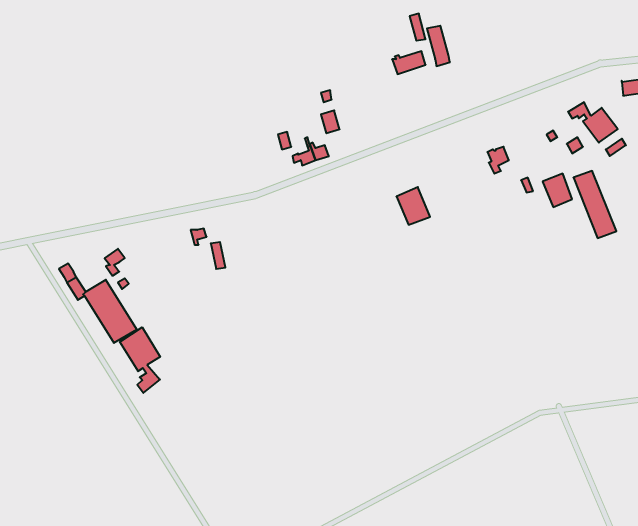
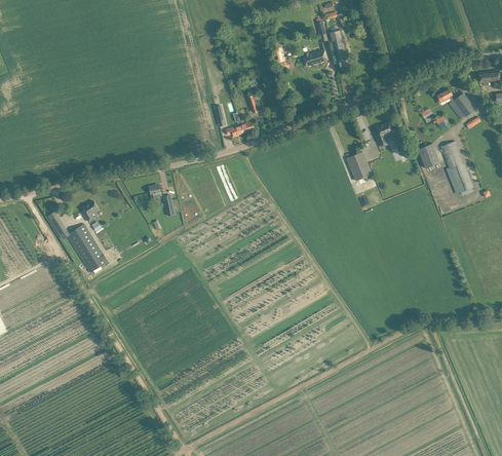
building: [396,187,430,225] -> [346,151,372,180]
building: [120,327,160,393] -> none

